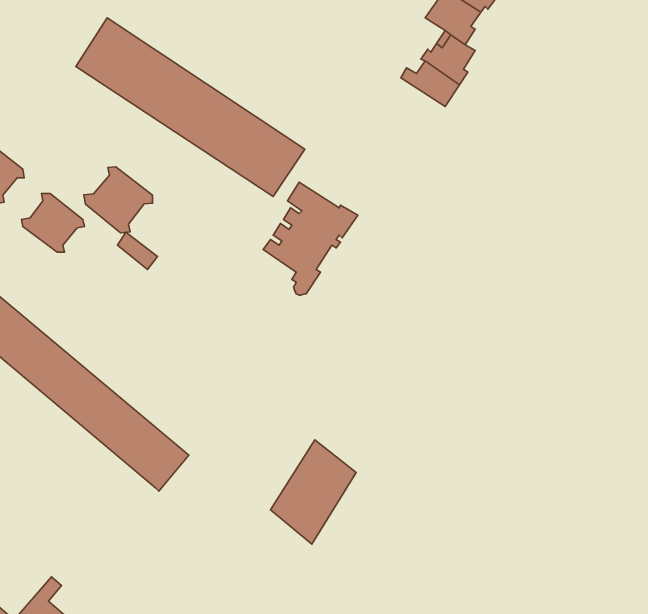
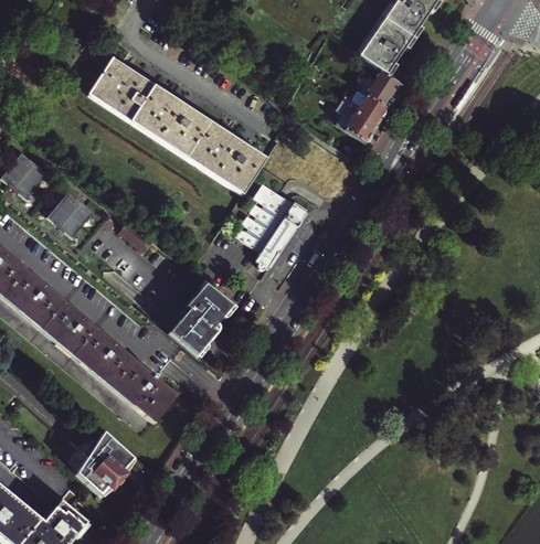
building: none -> [336,103,374,141]
building: [84,167,152,233] -> none
building: [270,440,356,544] -> [169,280,235,361]
building: none -> [75,433,131,494]

